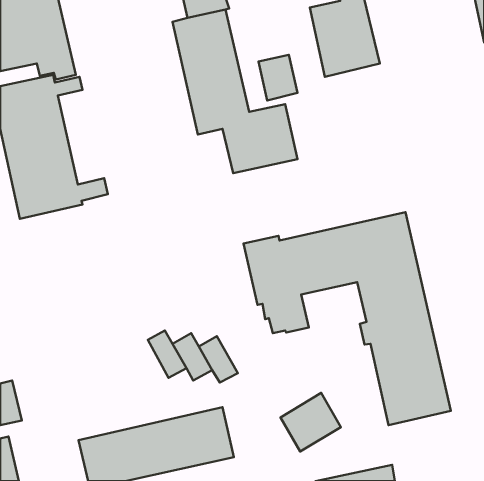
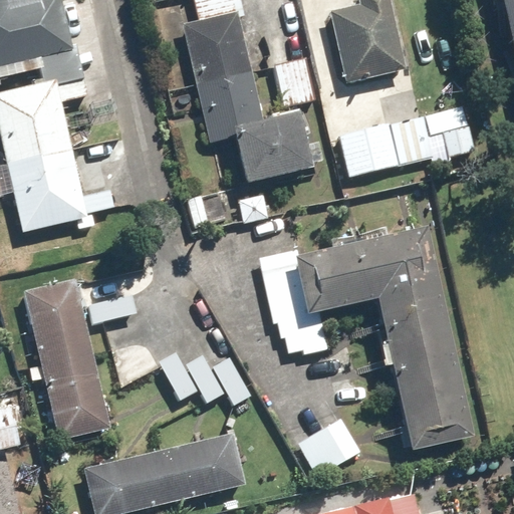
building: none -> [332,107,473,178]
building: none -> [23,279,111,440]

